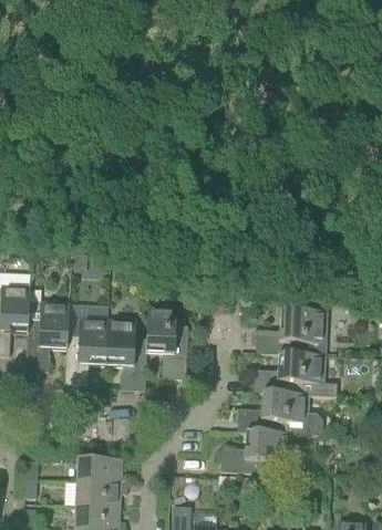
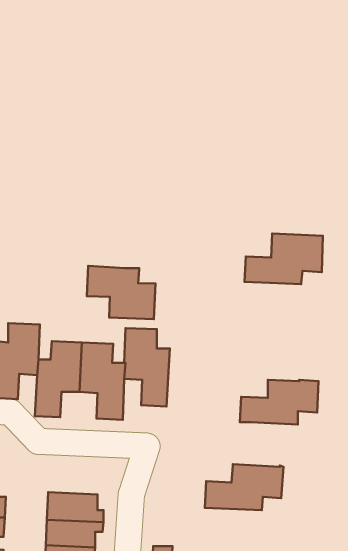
building: none -> [87,266,155,319]
building: [255,309,327,355] -> [244,233,323,284]
building: [237,393,322,435] -> none

